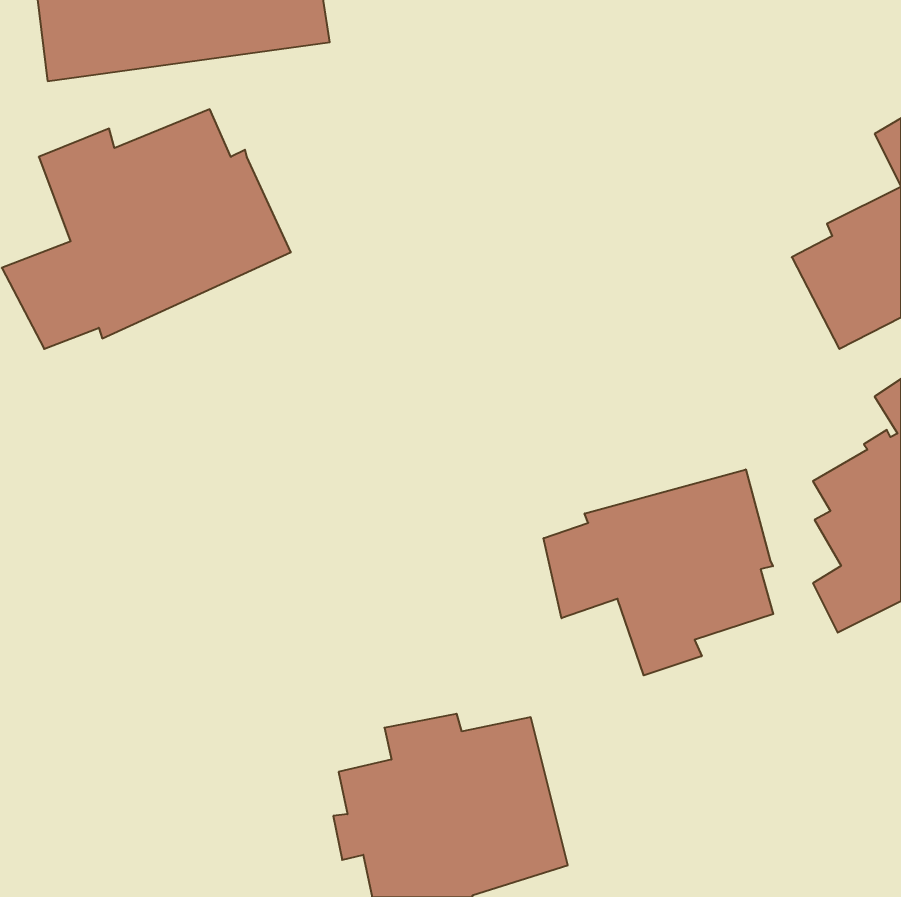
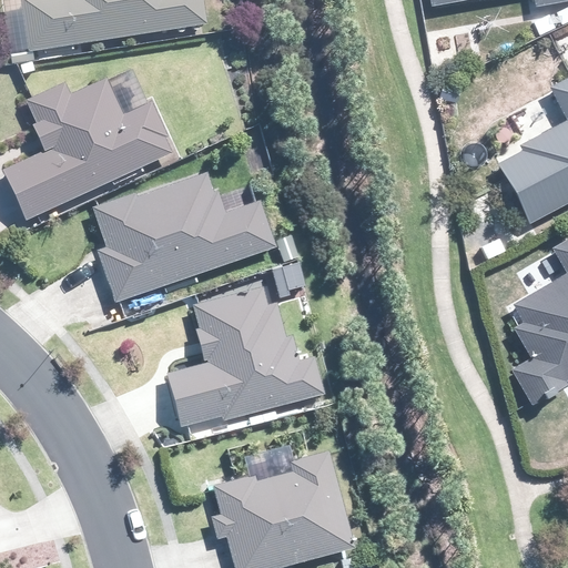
building: none -> [93,170,278,301]
building: none -> [166,285,325,442]
building: [544,469,773,675] -> none

